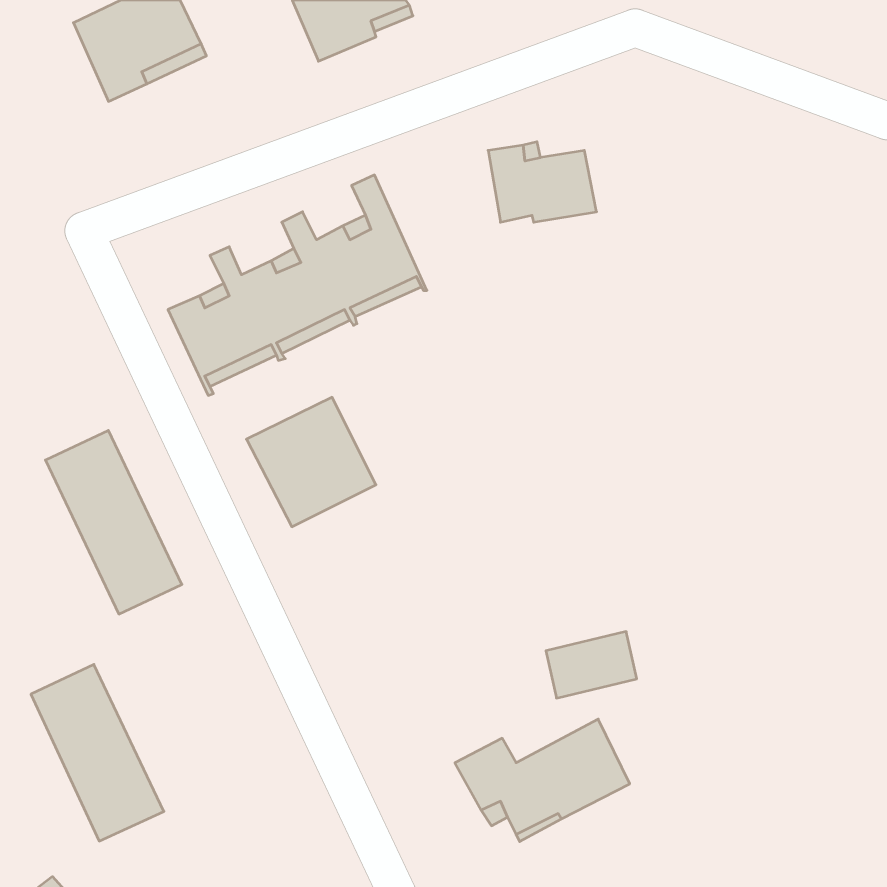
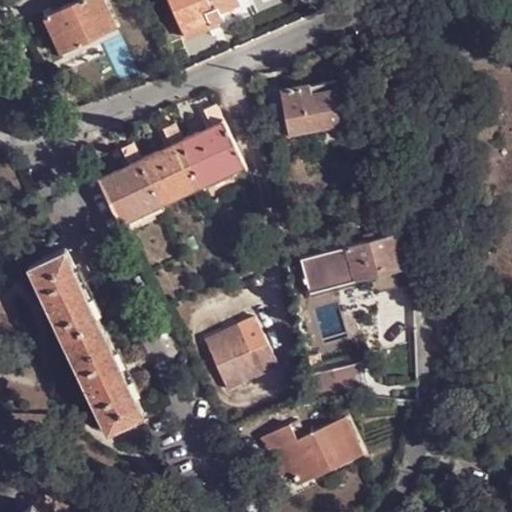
building: none -> [308,230,403,288]
building: [246,397,376,527] -> [203,319,277,393]
building: [31,664,164,841] -> [68,338,144,439]

